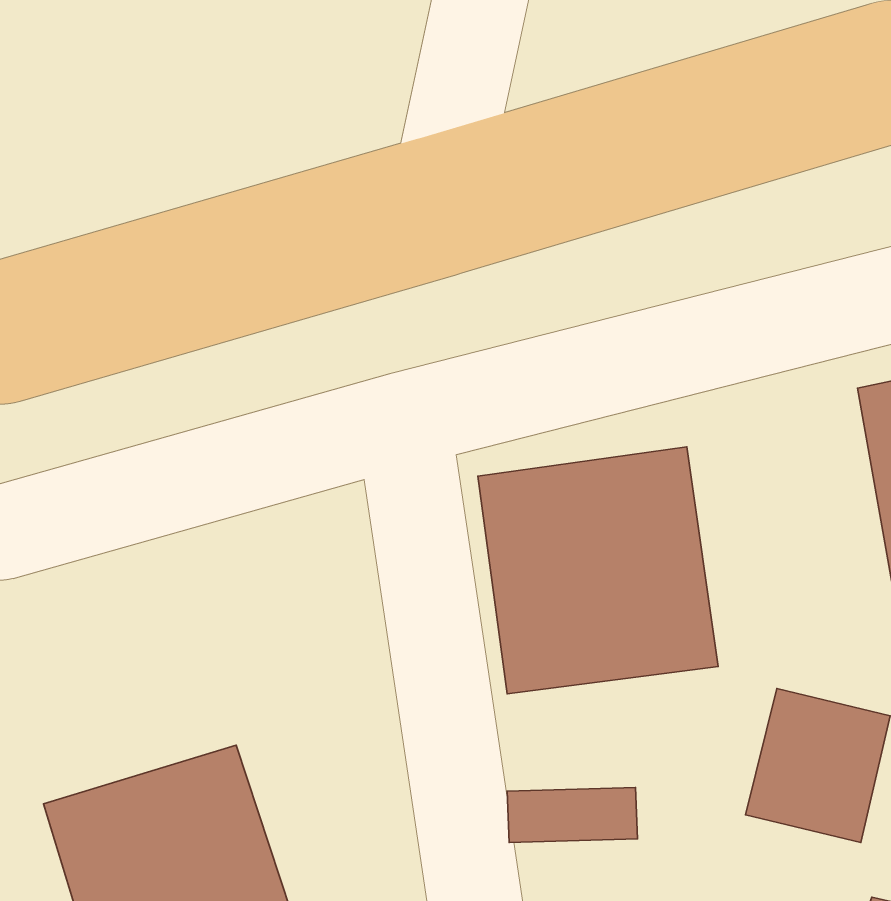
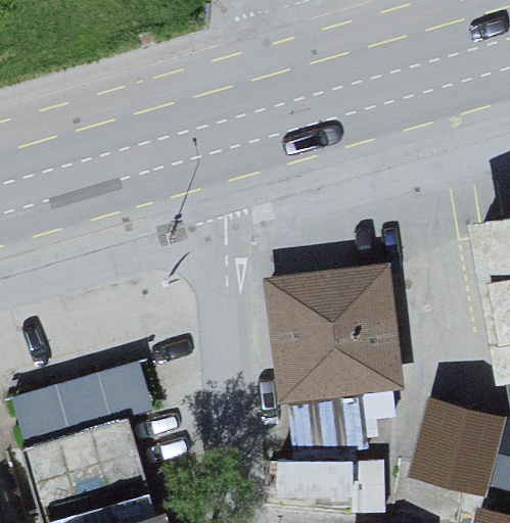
building: none -> [13,363,154,432]

